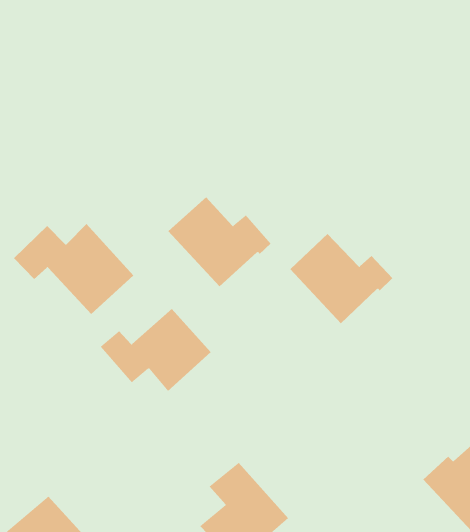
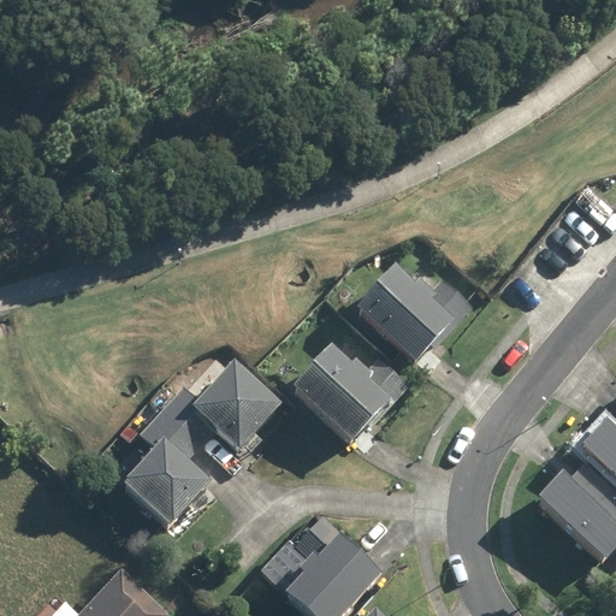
building: [167,196,272,287] -> [292,343,405,439]
building: [13,223,134,315] -> none
building: none -> [123,407,213,525]

